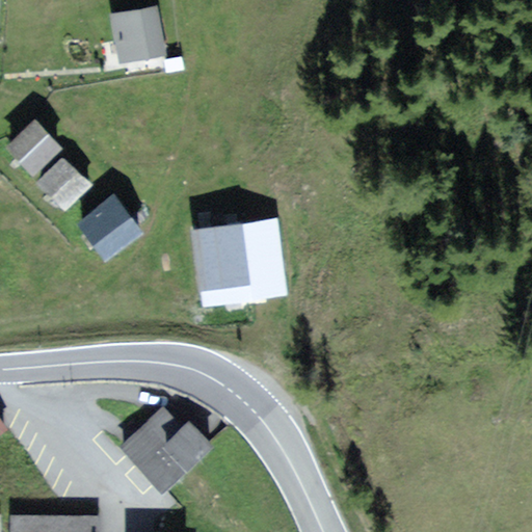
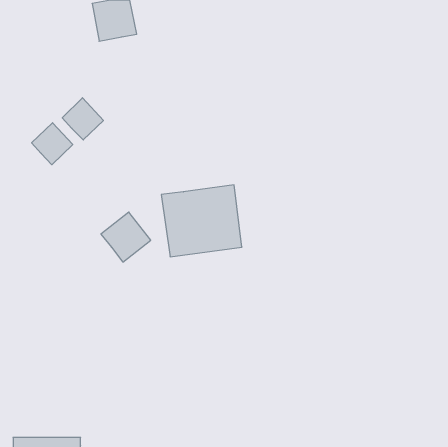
building: [7,110,56,160] -> [62,98,103,140]
building: [79,203,138,262] -> [101,212,151,262]
building: [122,407,208,493] -> none

